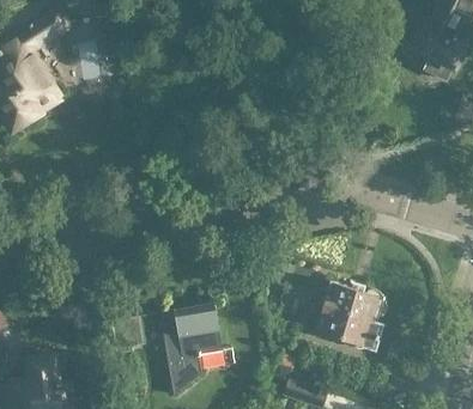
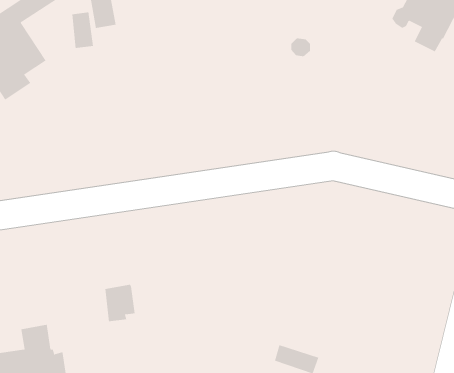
building: [316,283,387,352] -> none
building: [162,305,224,397] -> none

